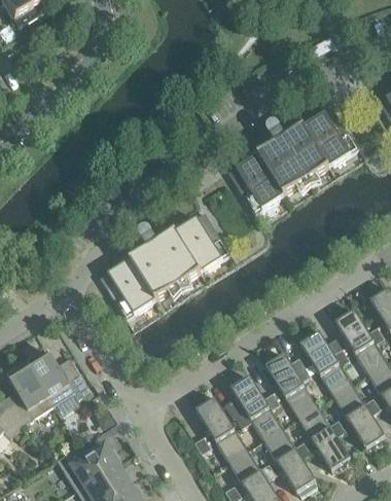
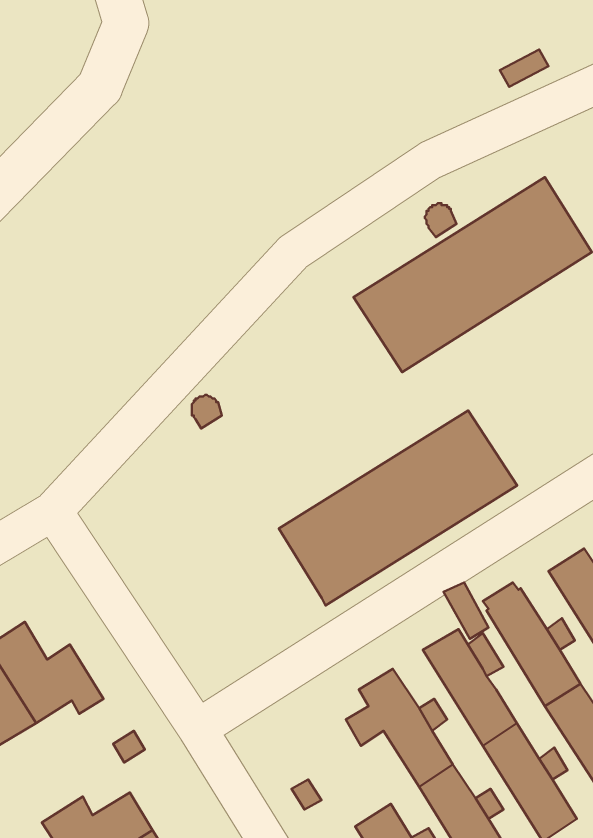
building: [100,211,230,318] -> [279,410,517,606]
building: [196,396,248,461] -> none

